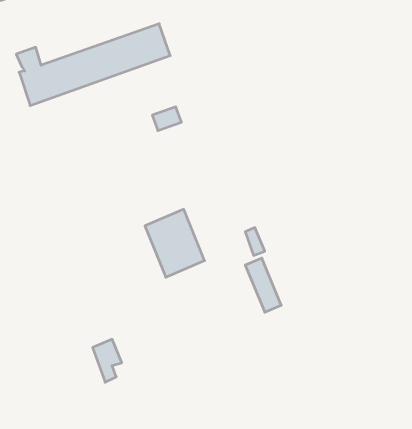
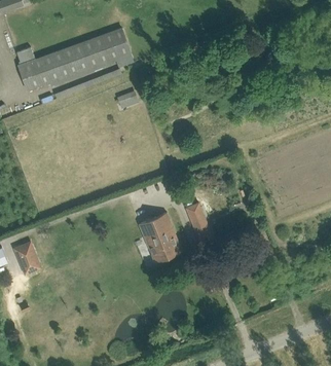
building: [145,209,205,277] -> [139,213,183,263]
building: [93,339,122,382] -> [15,243,37,274]

